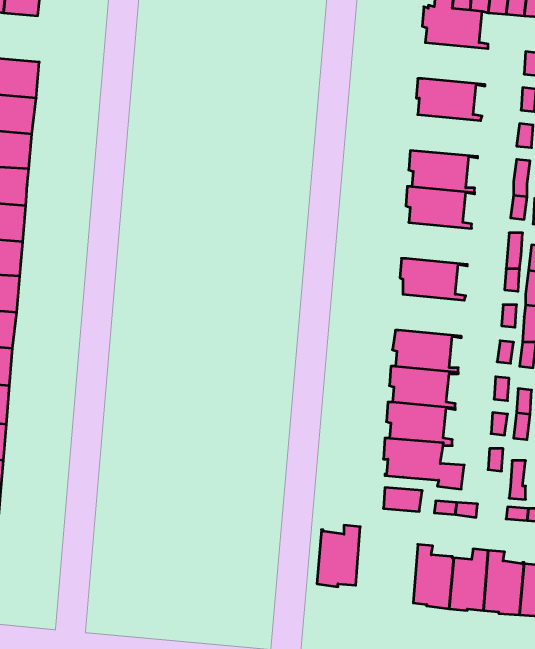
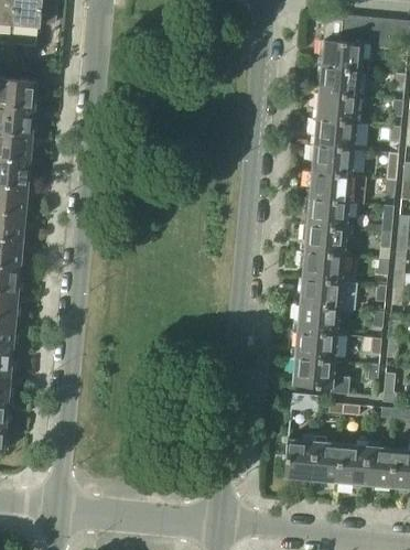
building: none -> [317,65,368,97]
building: none -> [311,118,363,150]
building: none -> [305,198,356,229]
building: none -> [301,251,350,282]
building: [317,525,360,587] -> [284,434,316,479]

